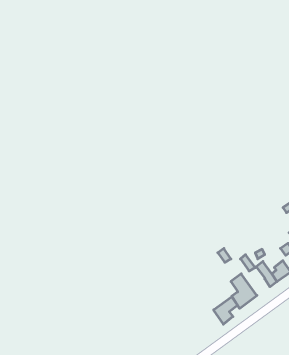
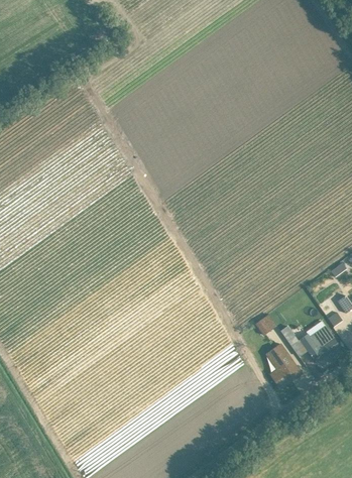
building: [214,297,238,324] -> none

